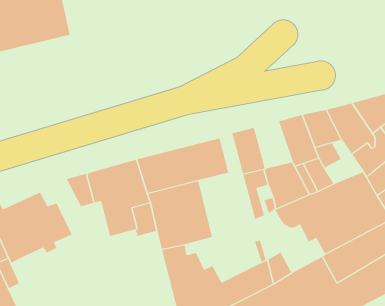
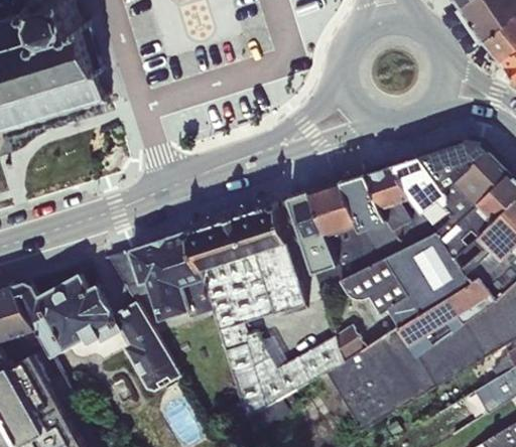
building: none -> [312,181,357,235]
building: none -> [393,198,436,247]
building: none -> [254,242,305,314]
building: none -> [98,303,178,391]

